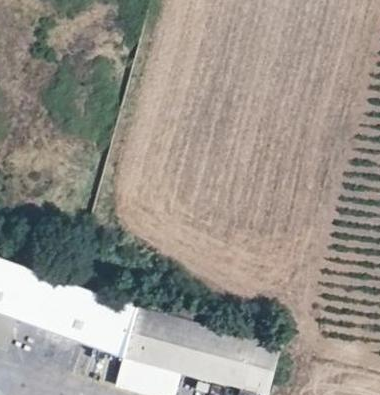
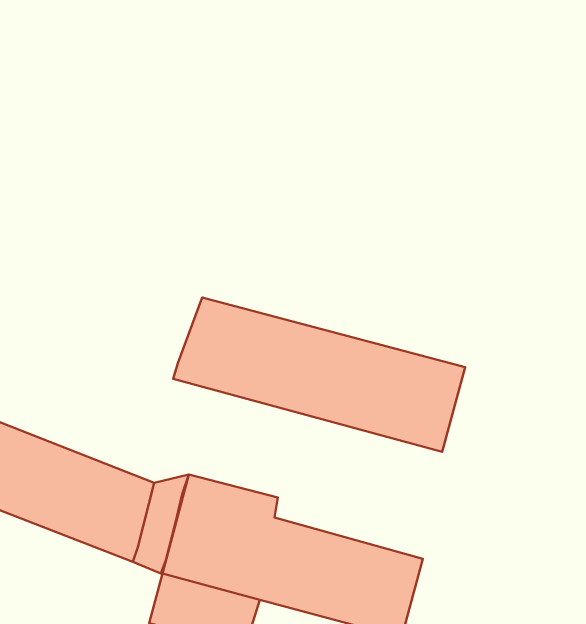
building: none -> [173,298,465,452]

